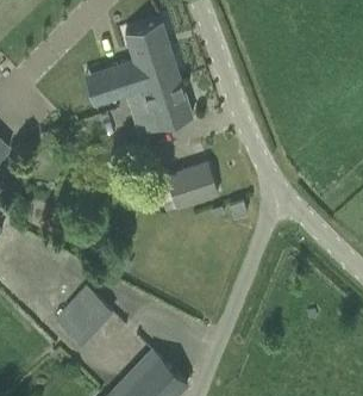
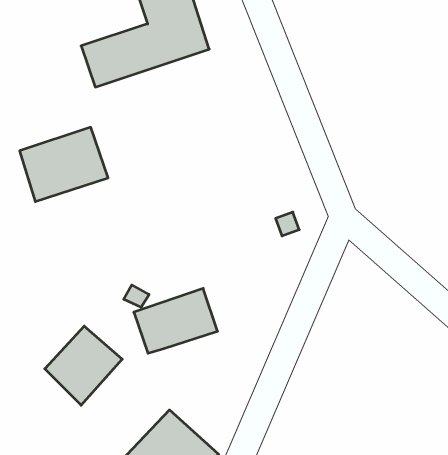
building: [126,78,193,134] -> [20,127,108,202]
building: [155,162,218,211] -> [134,288,218,353]

